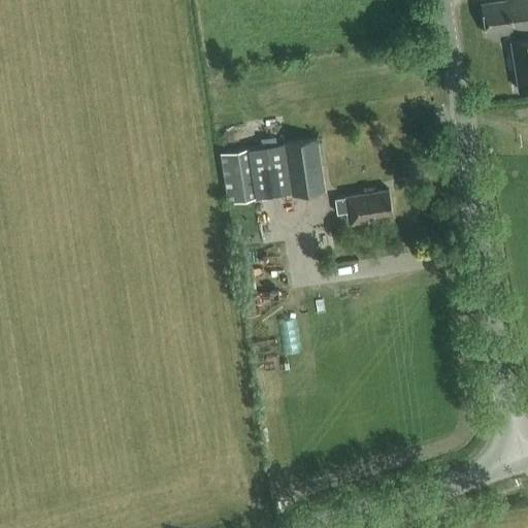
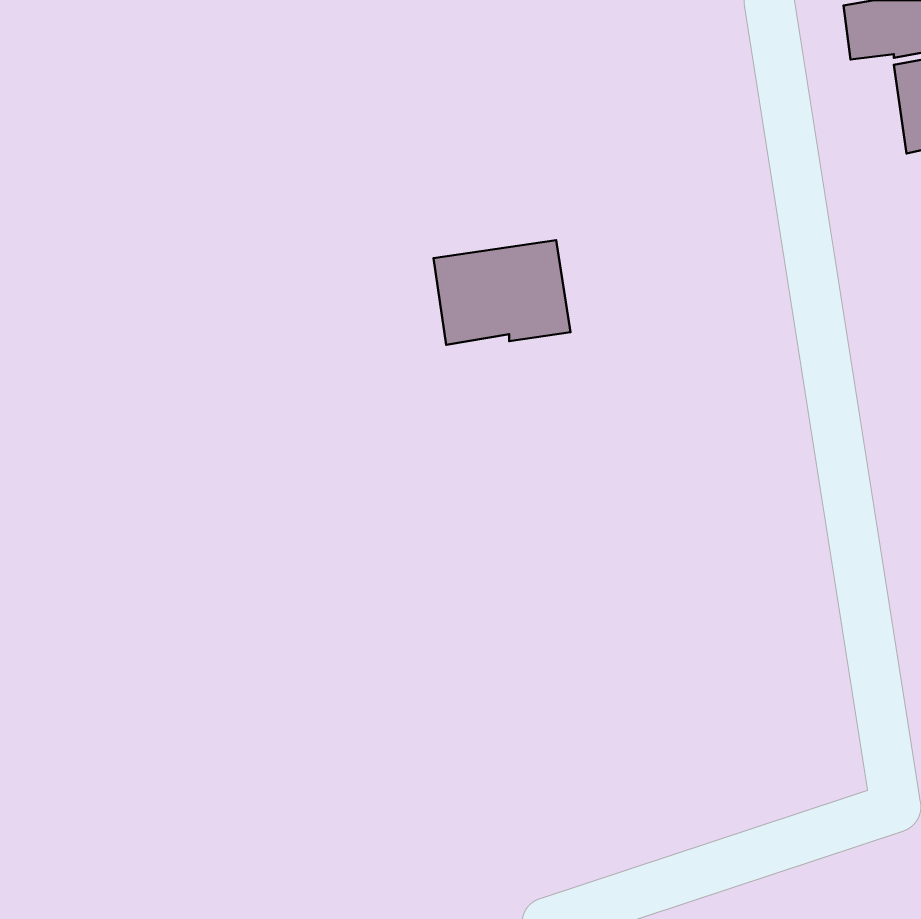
building: [221,151,255,203] -> none
building: [334,191,393,225] -> none

